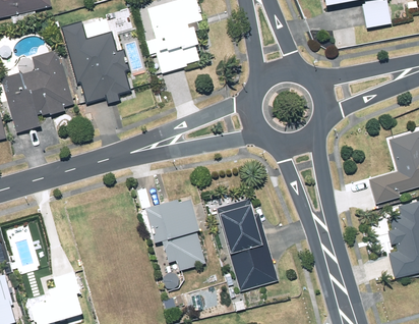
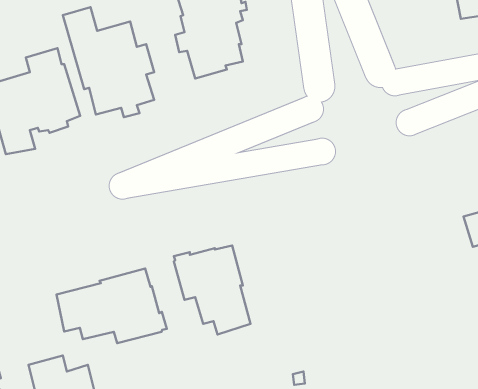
building: [216,199,278,291] -> none
building: none -> [57,268,167,343]

